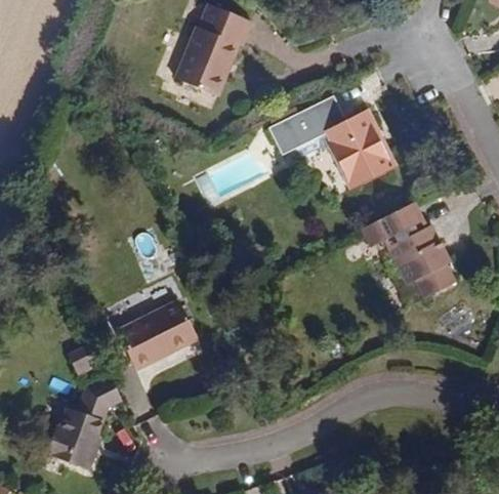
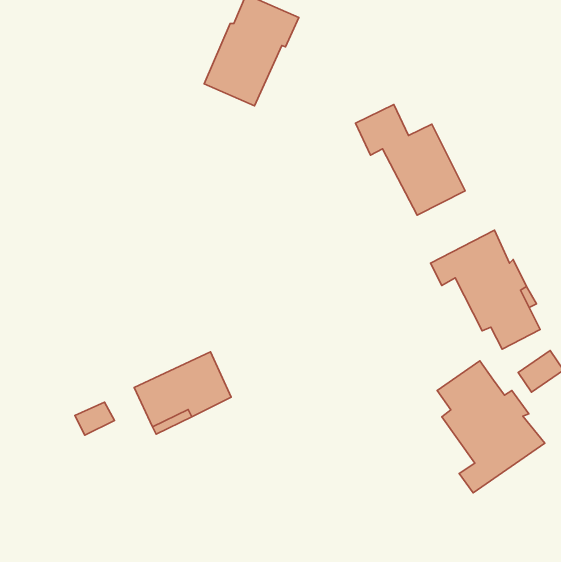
building: [268,111,314,154] -> none
building: none -> [437,361,545,493]
building: [44,376,121,469] -> none

